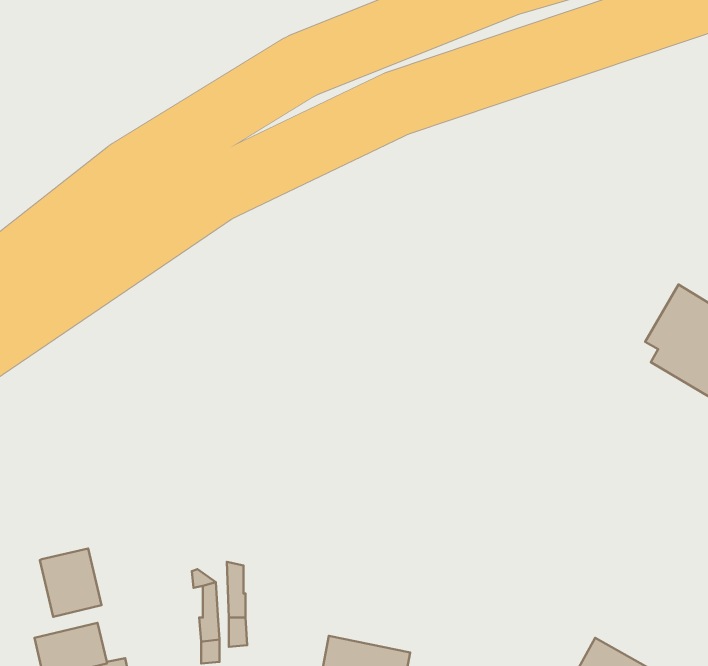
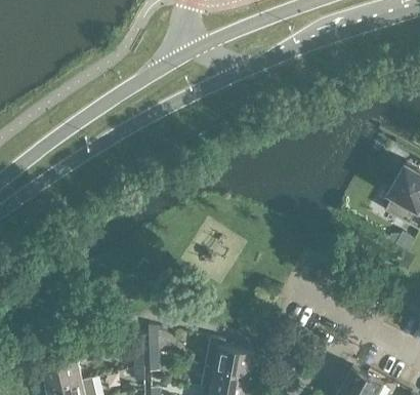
building: [40,548,101,617] -> none
building: none -> [206,338,255,376]

